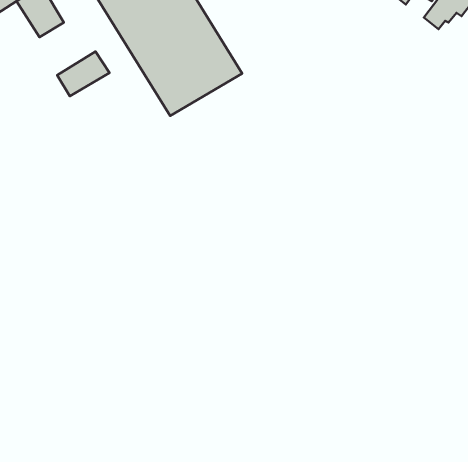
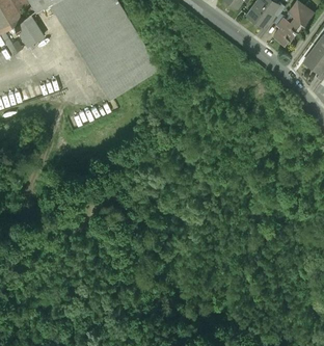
building: [57,51,110,96] -> none

